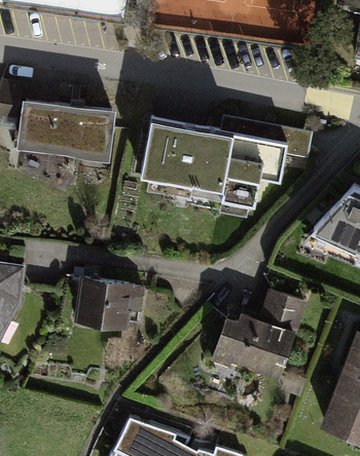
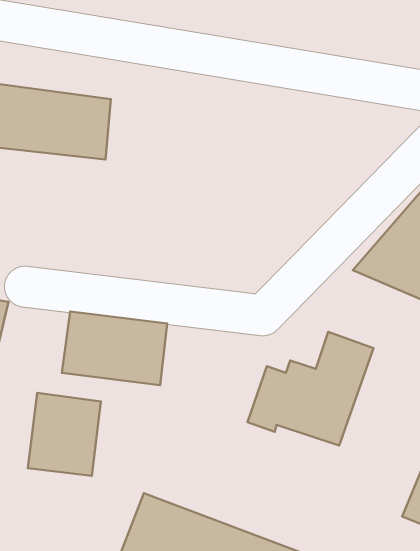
building: [129,120,311,200] -> none
building: none -> [28,393,101,476]

